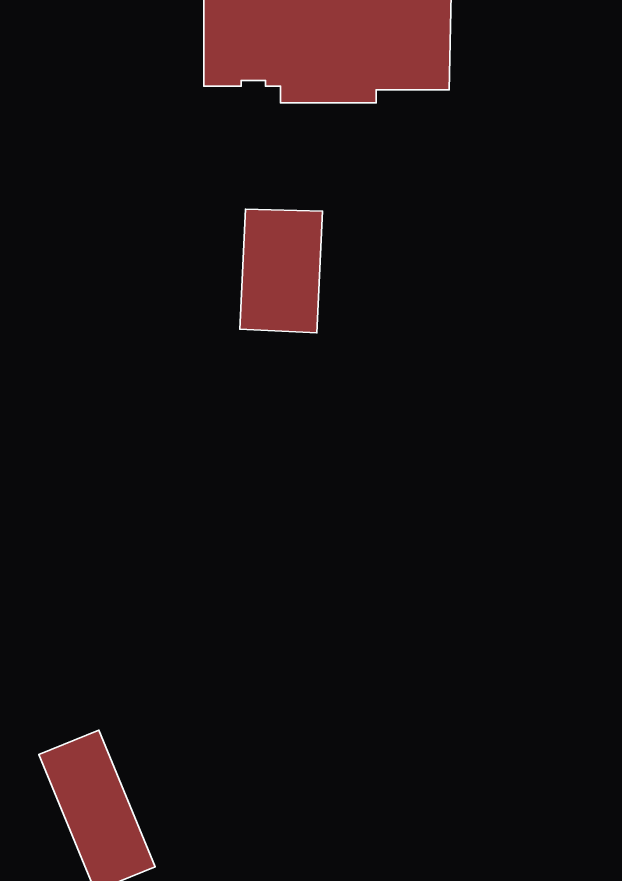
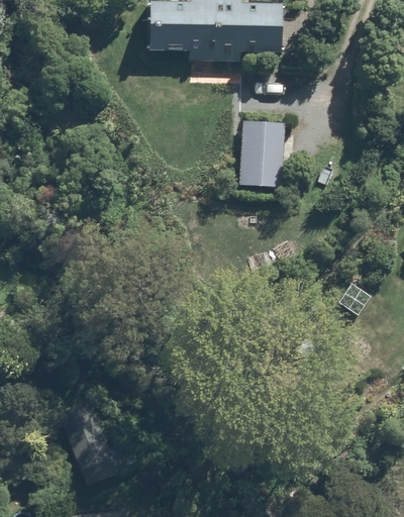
building: [240,209,322,333] -> [238,119,283,186]

